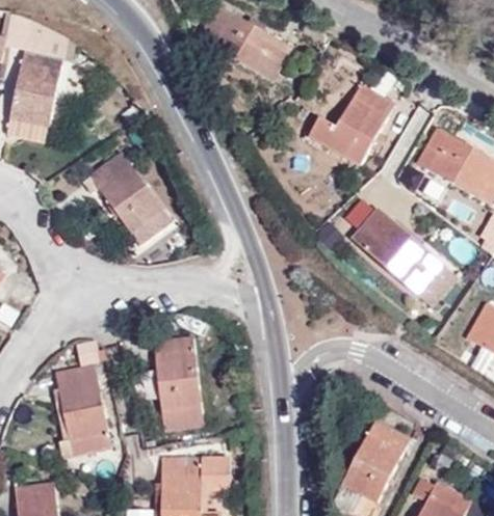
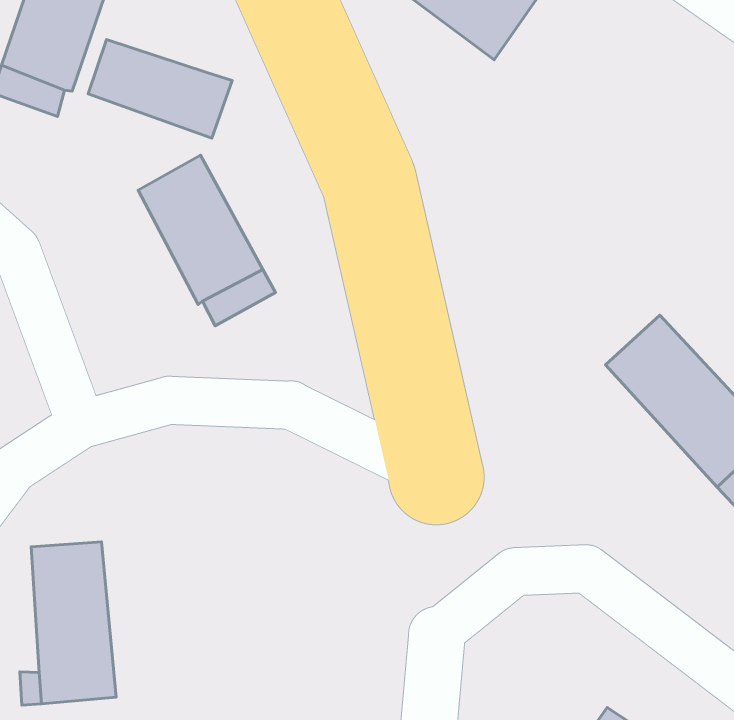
building: [308,85,393,166] -> none
building: none -> [88,39,232,138]
building: [153,337,204,431] -> none

